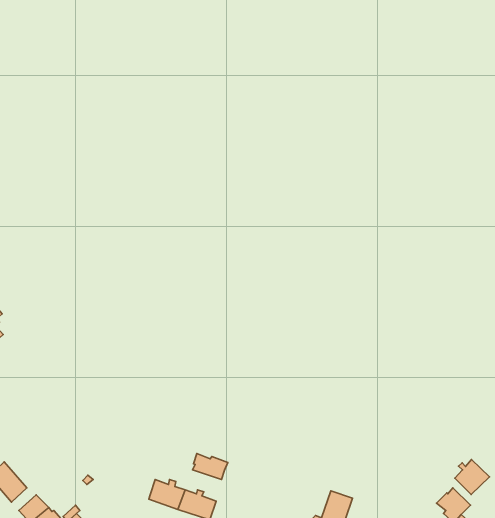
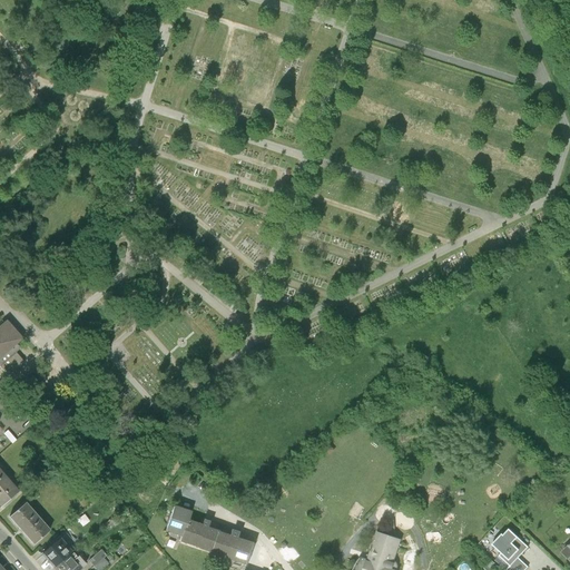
building: [192,453,228,479] -> none
building: [455,460,489,495] -> none
building: none -> [167,507,191,537]

